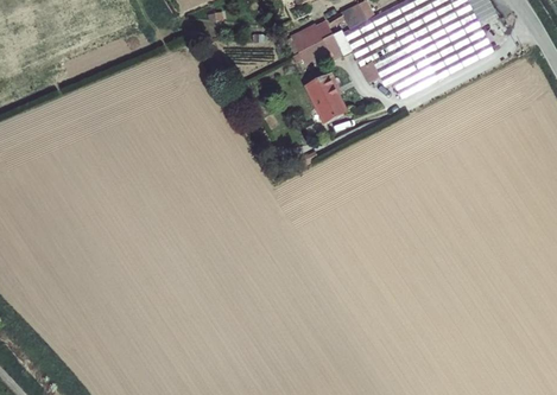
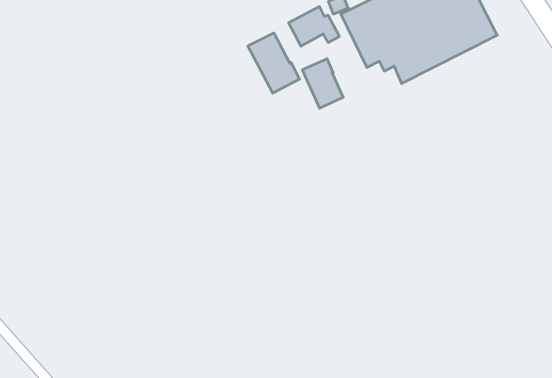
building: none -> [248,33,300,93]

